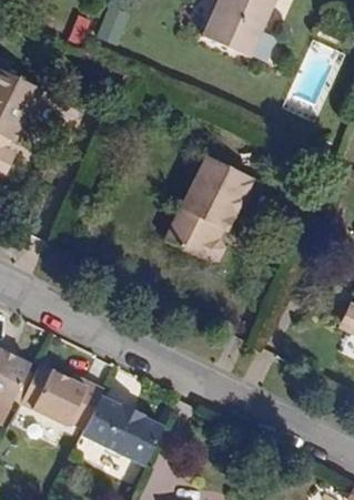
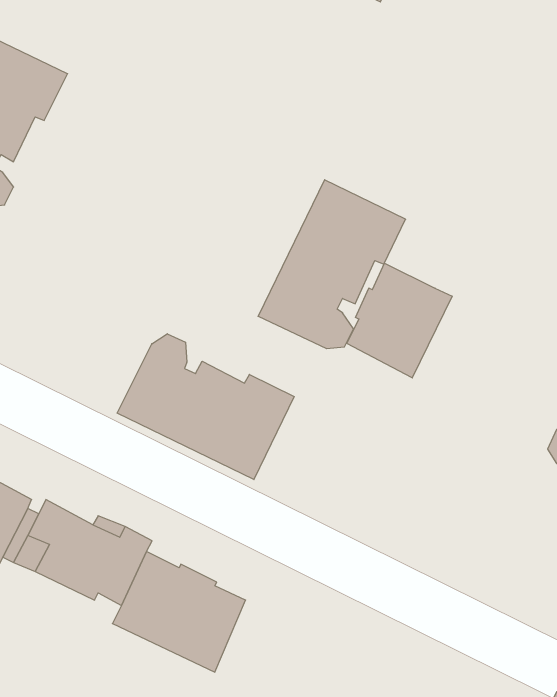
building: none -> [347,263,452,378]
building: none -> [117,334,294,480]

